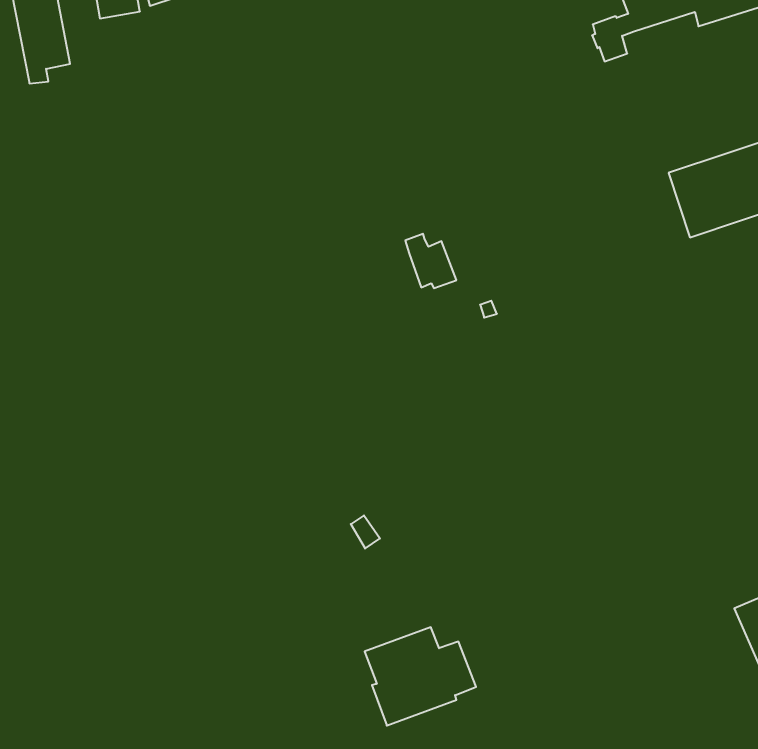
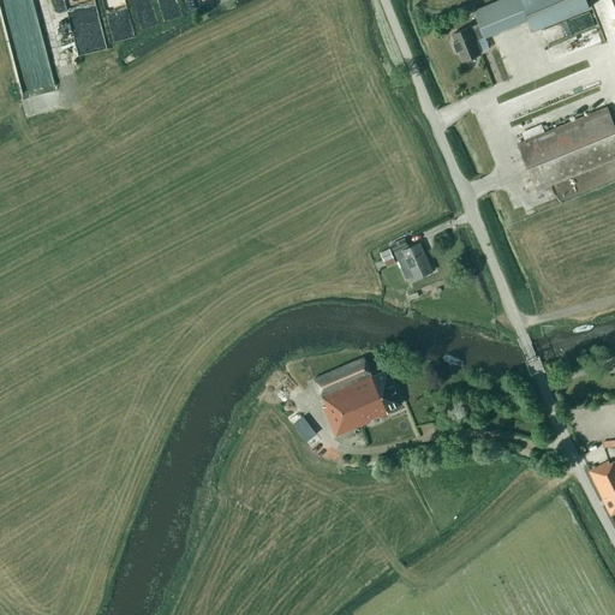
building: [405,234,456,288] -> [392,237,432,277]
building: [365,627,476,726] -> [315,359,401,436]

